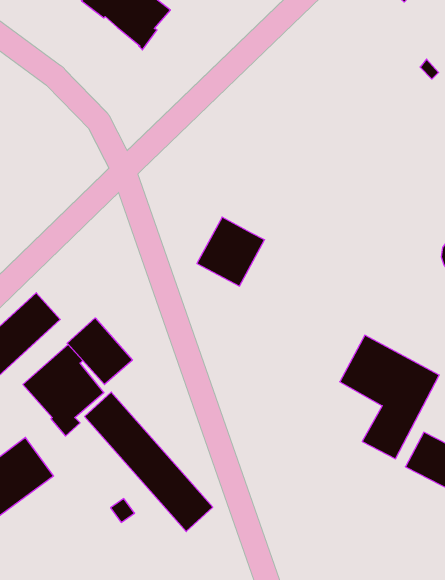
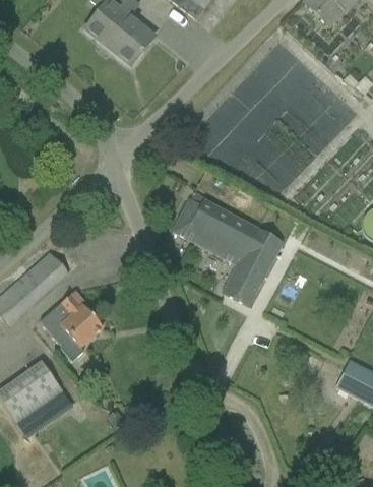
building: [67,318,132,385] -> none
building: [340,335,439,459] -> [206,210,283,305]
building: [85,392,213,532] -> none

